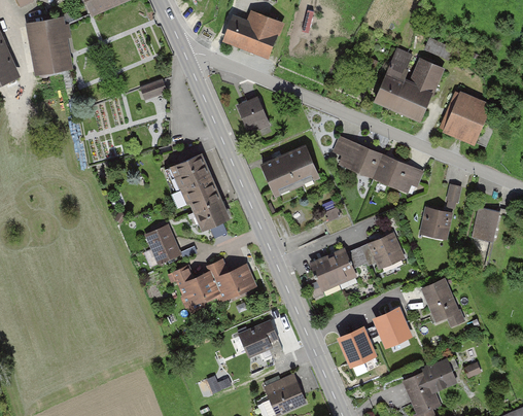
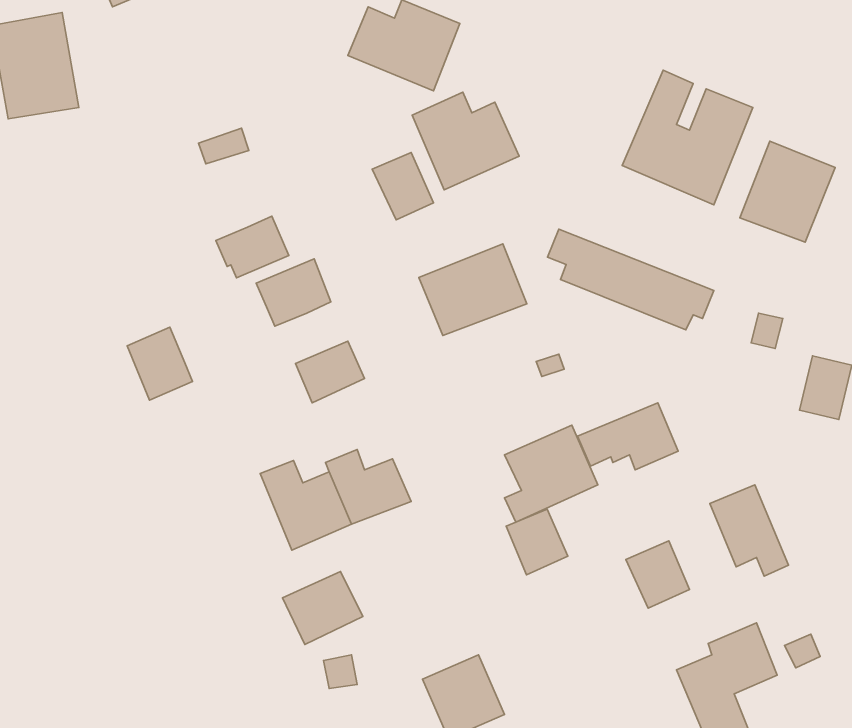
building: none -> [412,92,519,190]
building: [181,177,221,211] -> [216,216,289,278]
building: [417,207,451,240] -> none
building: [143,224,179,265] -> [127,327,192,400]
building: [237,317,281,357] -> [282,572,363,644]
building: [340,328,374,365] -> [506,509,568,575]

